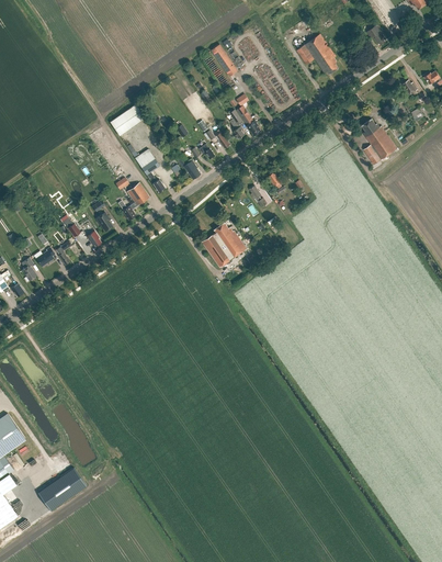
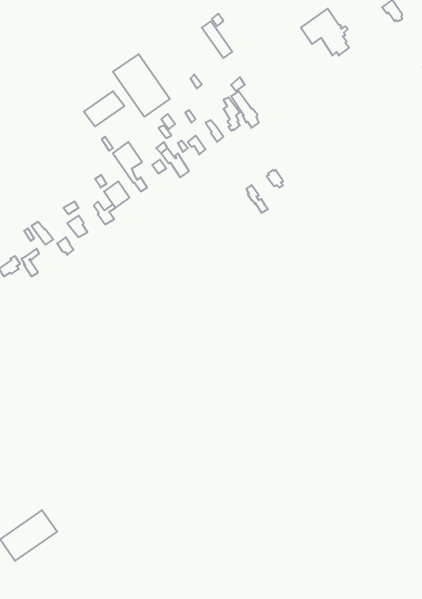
building: none -> [113,54,170,117]
building: [362,119,397,165] -> none
building: [202,223,247,268] -> none

